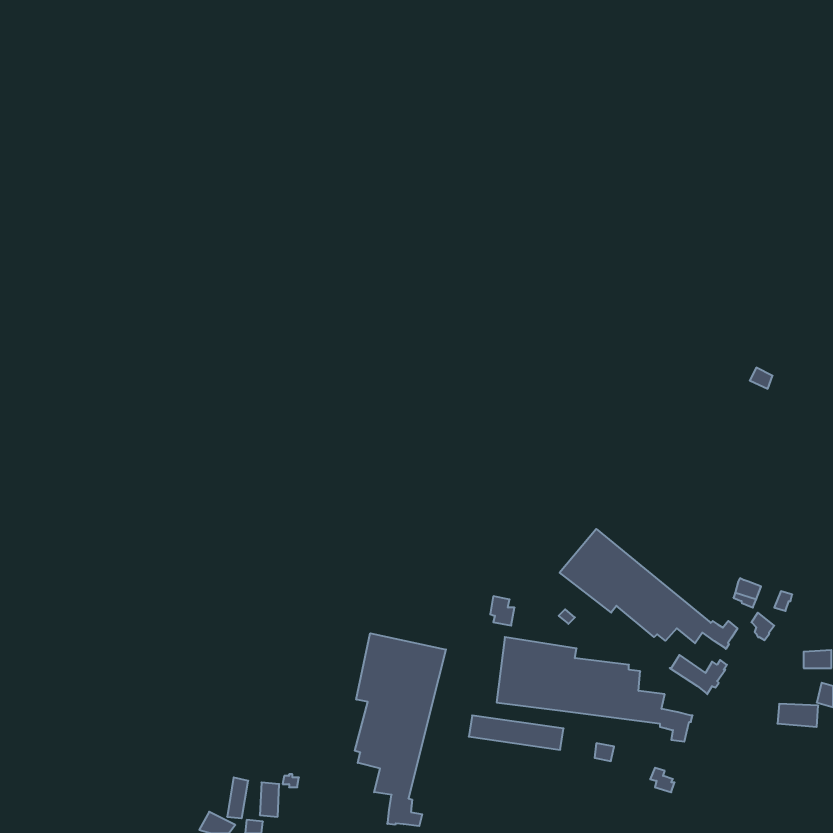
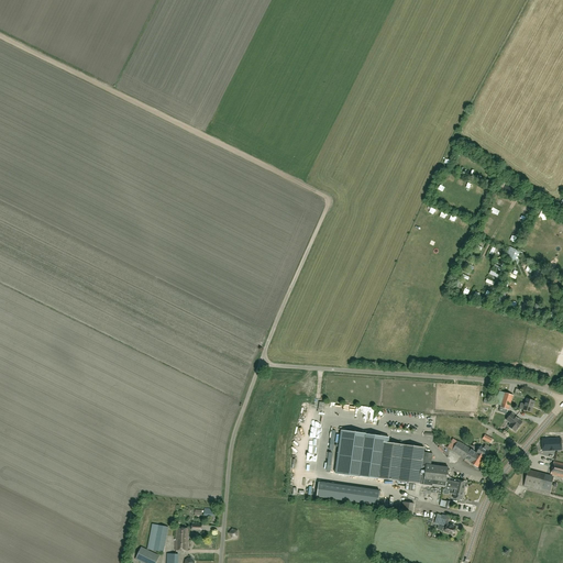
building: [560,529,737,649] -> none
building: [355,633,446,826] -> none

